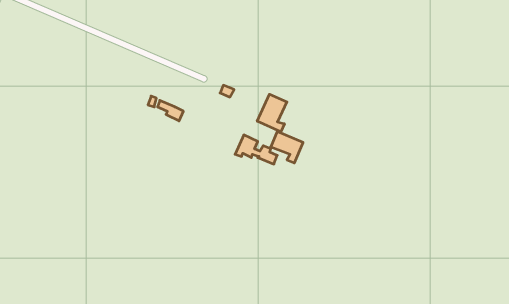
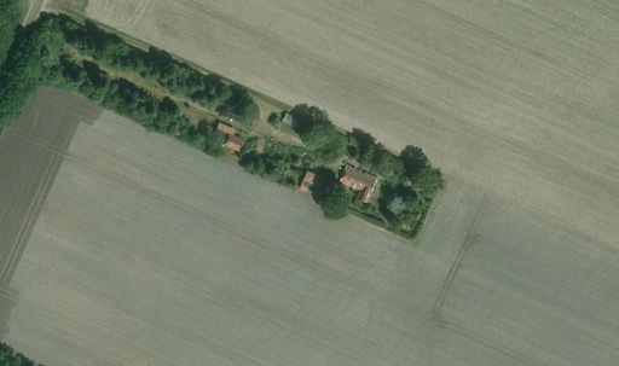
building: [257,94,287,132] -> none

